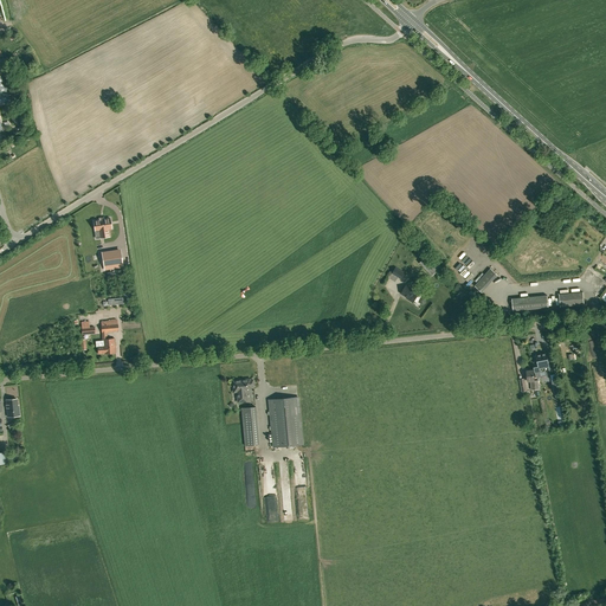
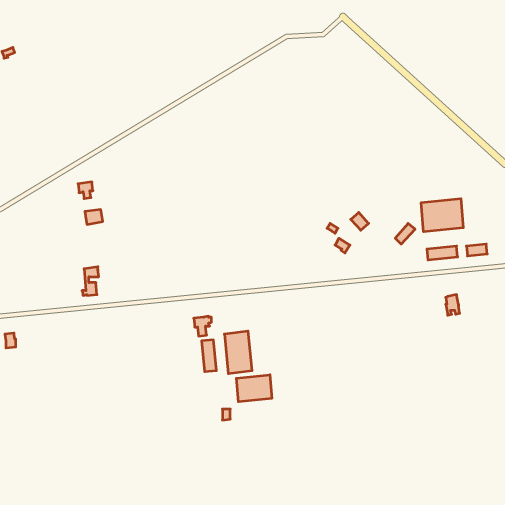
building: none -> [421,199,463,232]
building: none -> [236,375,272,402]

